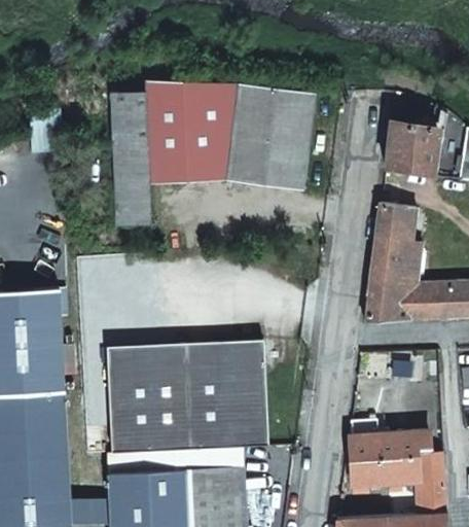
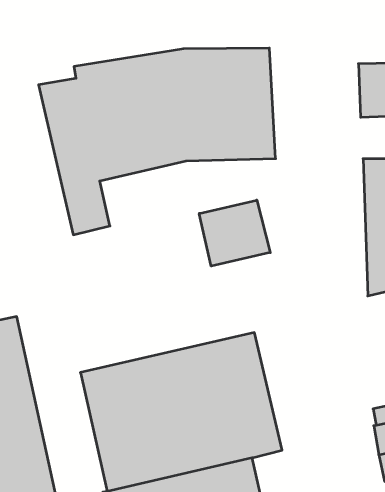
building: none -> [199,200,270,266]

